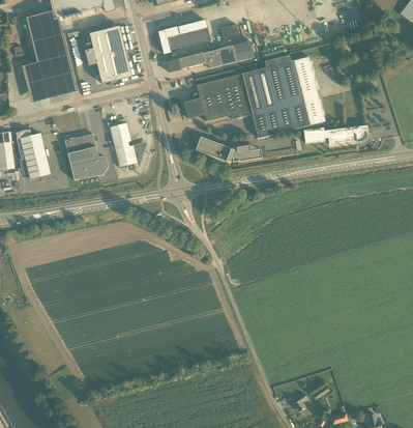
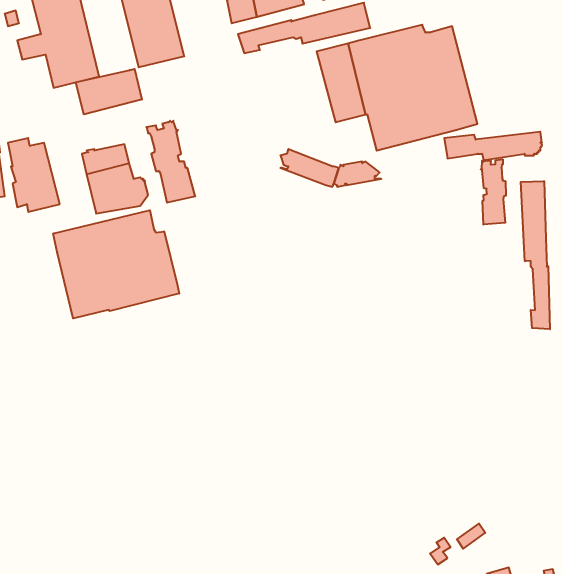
building: [182,73,230,121] -> none
building: none -> [76,69,142,114]
building: none -> [481,159,506,225]
building: none -> [521,181,550,329]
building: none -> [53,210,179,318]

